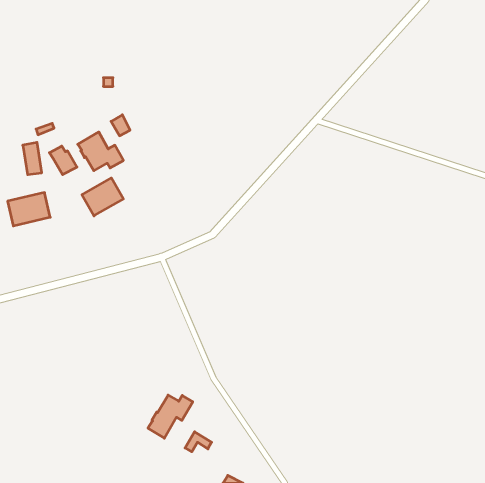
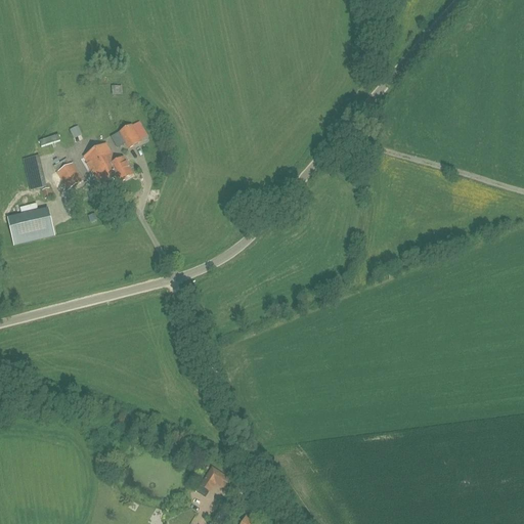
building: [82,178,123,216] -> none
building: [148,395,193,438] -> none

